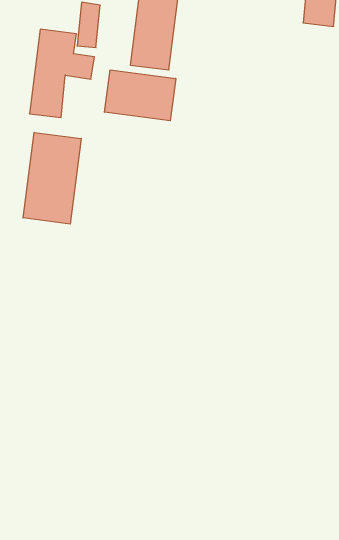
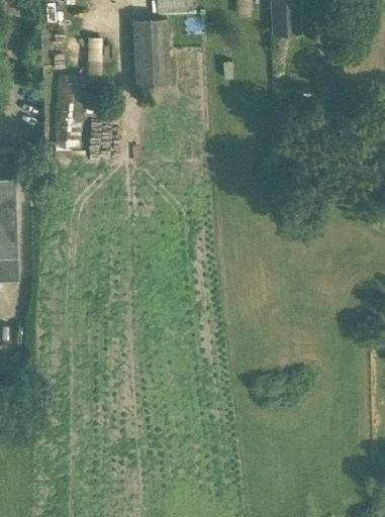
building: [105,70,176,121] -> none
building: [23,132,81,224] -> none

